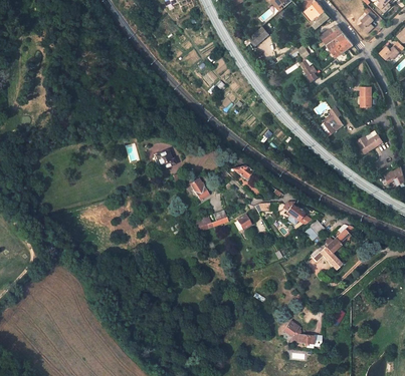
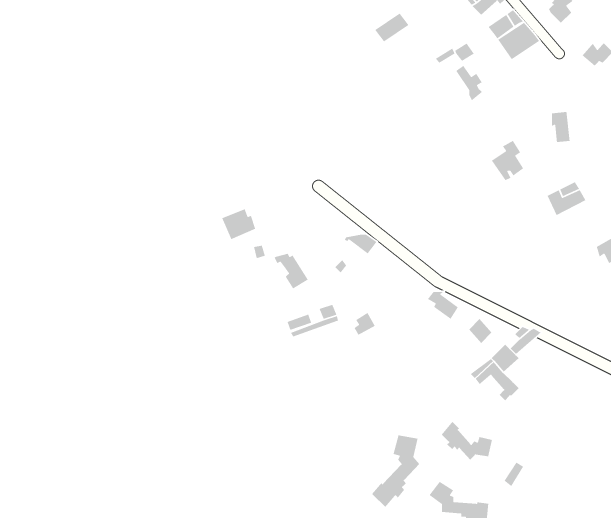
building: none -> [441,421,493,461]
building: none -> [371,434,420,508]

